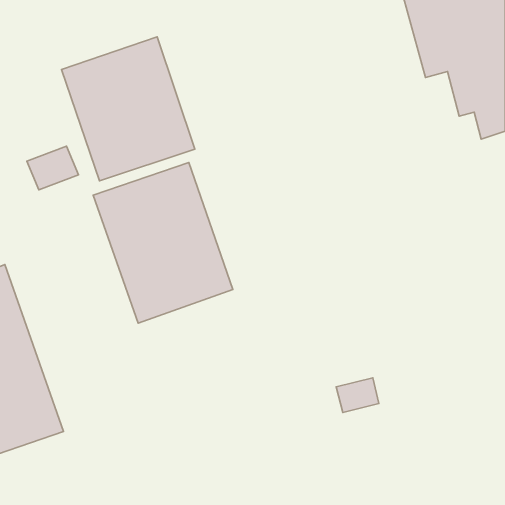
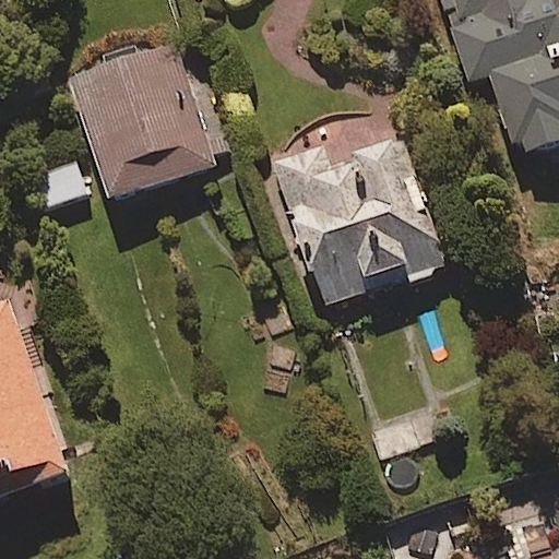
building: none -> [274,138,447,306]
building: [93,162,233,323] -> none

